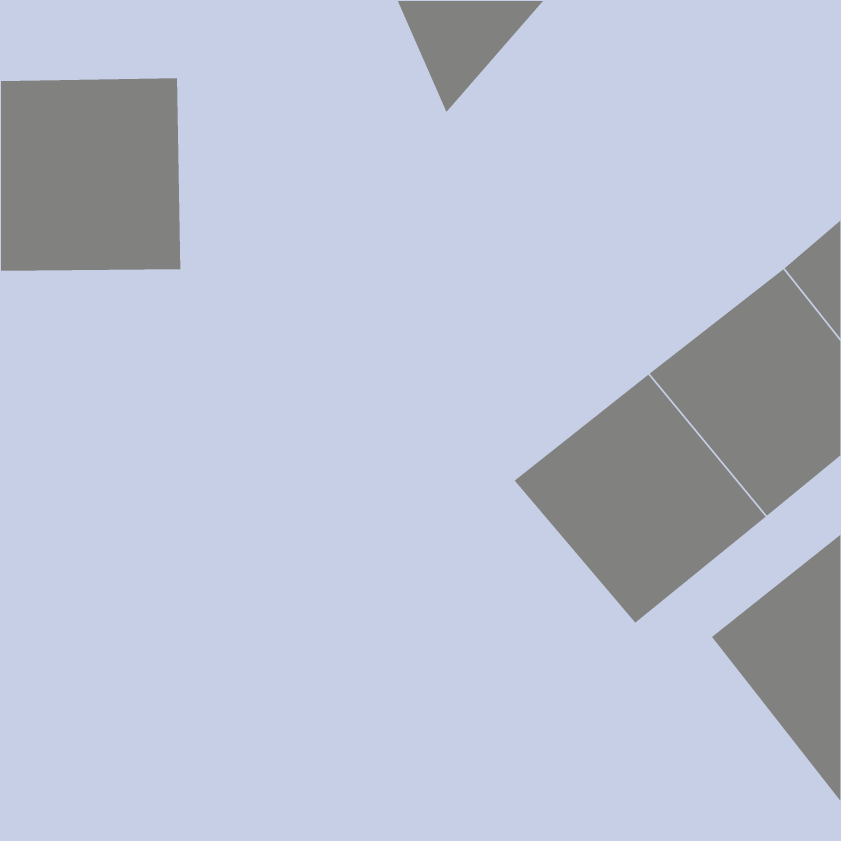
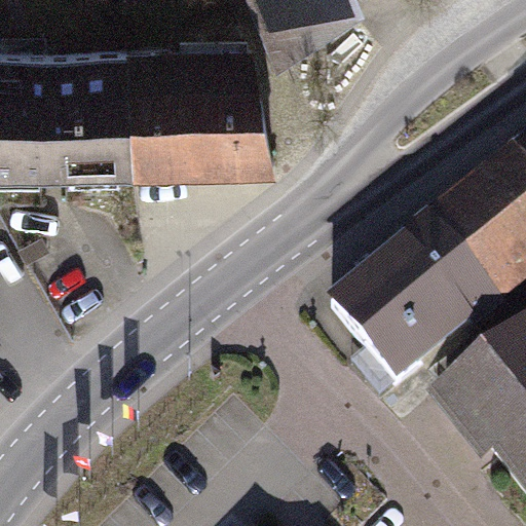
building: none -> [111,45,261,168]

